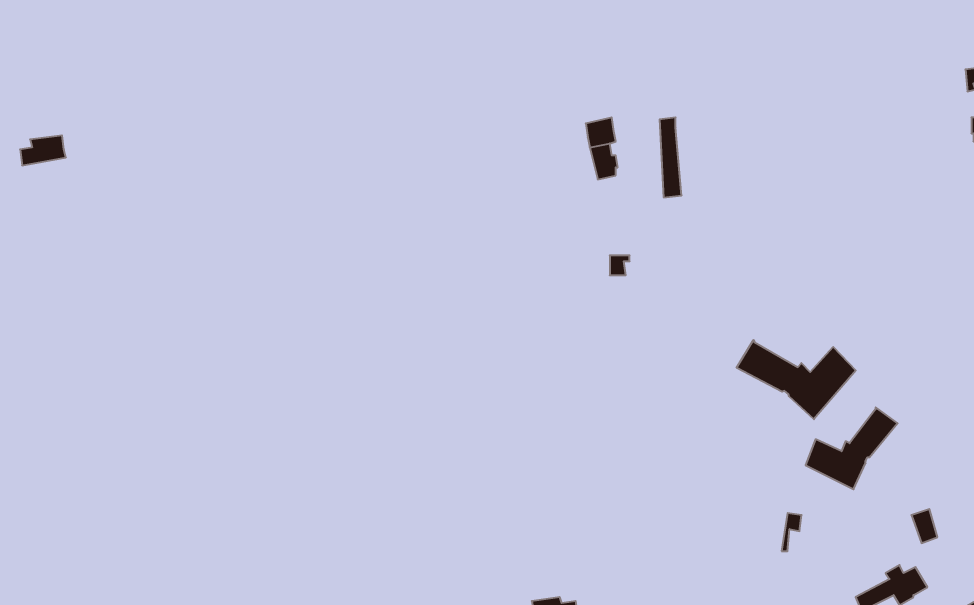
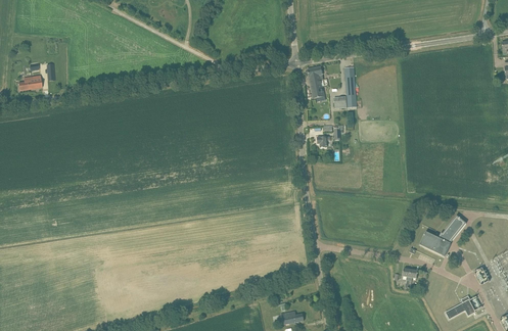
building: [737,340,856,419] -> none

